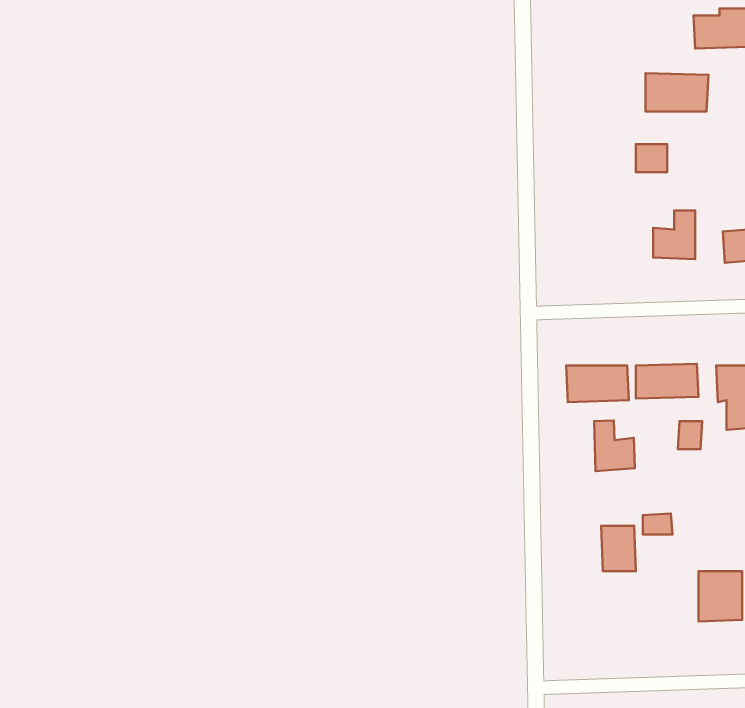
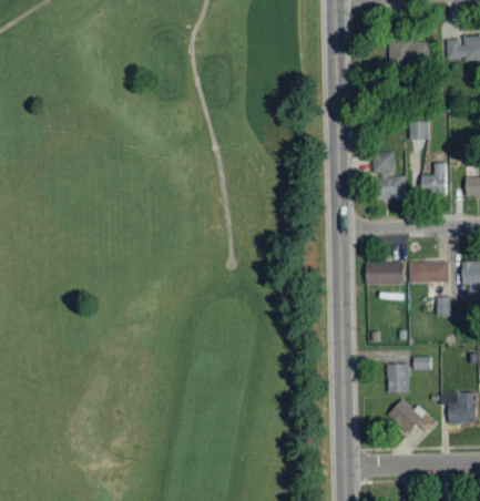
building: [646,73,708,111] -> [390,40,430,64]
building: none -> [374,151,405,200]
building: [594,420,635,471] -> none
building: none -> [388,398,436,433]

